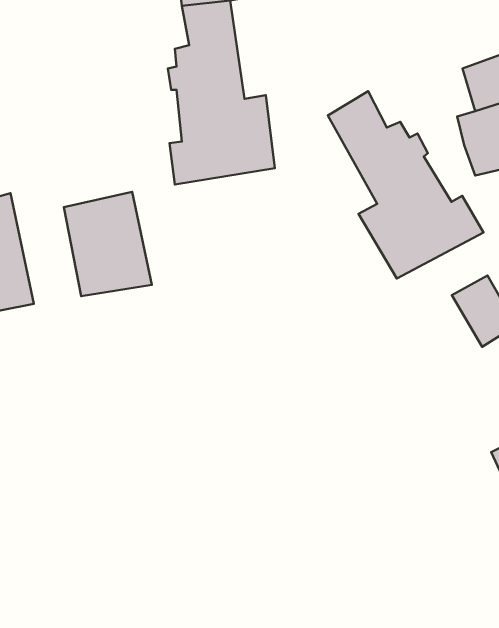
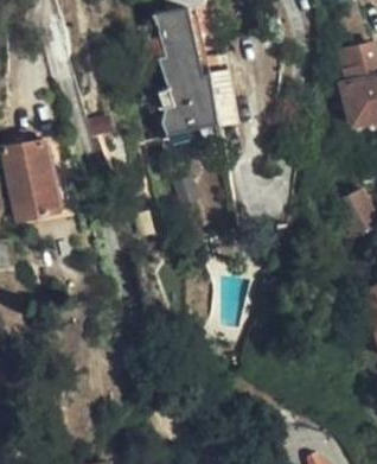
building: [328,91,483,279] -> none
building: [64,192,152,296] -> none

